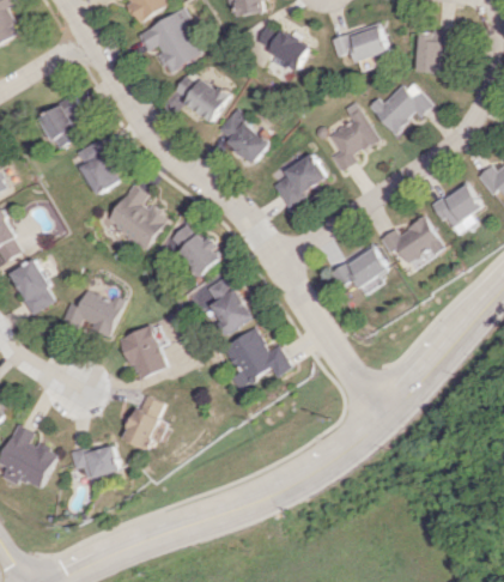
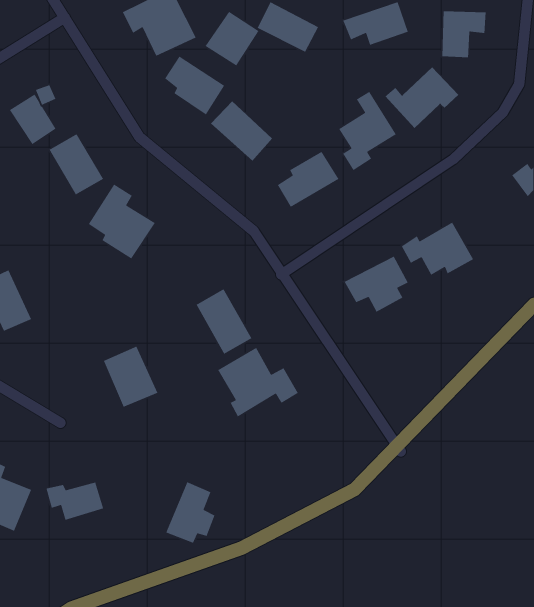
building: none -> [204,11,260,67]
building: [430,182,482,235] -> none
building: [164,224,220,277] -> none
building: [62,290,126,337] -> none
building: [123,394,168,449] -> [165,481,215,544]

